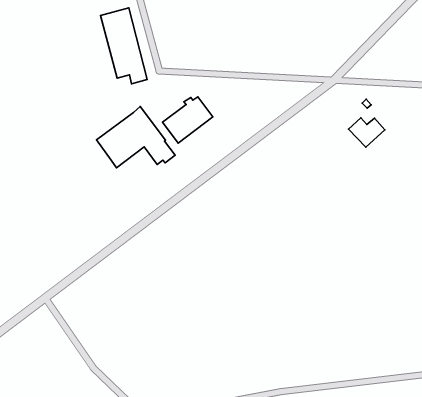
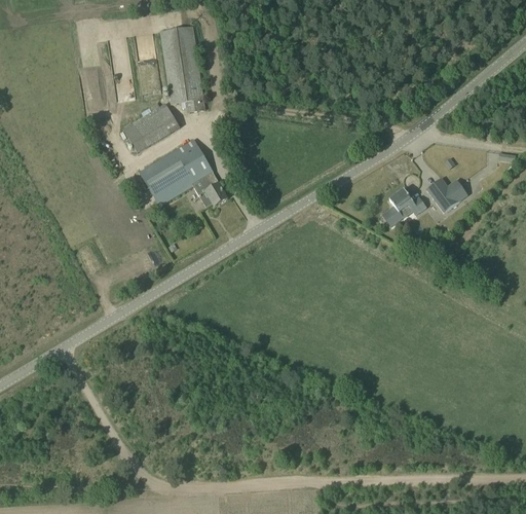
building: [162,97,213,143] -> [122,103,180,153]
building: none -> [382,189,426,225]

